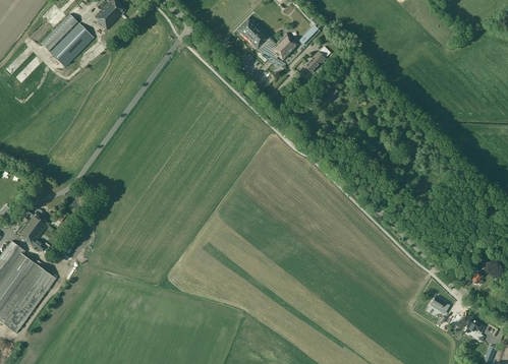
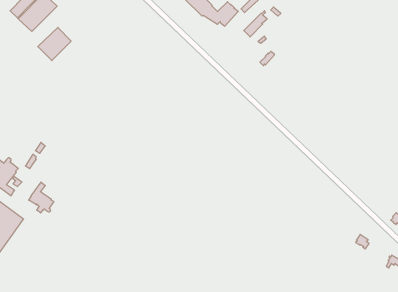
building: none -> [38,27,71,61]
building: none -> [29,182,54,213]

